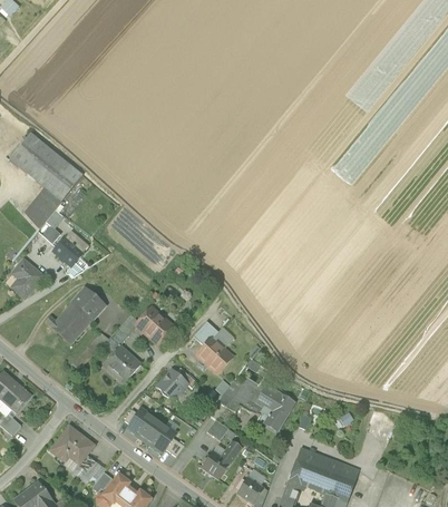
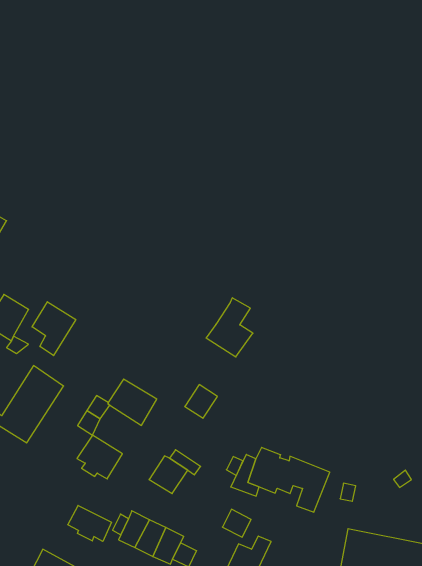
building: none -> [32,302,76,356]
building: [196,329,233,373] -> [206,298,253,357]
building: none -> [68,505,112,541]

